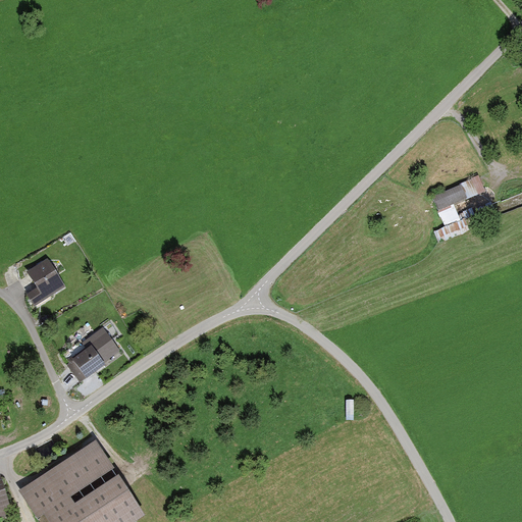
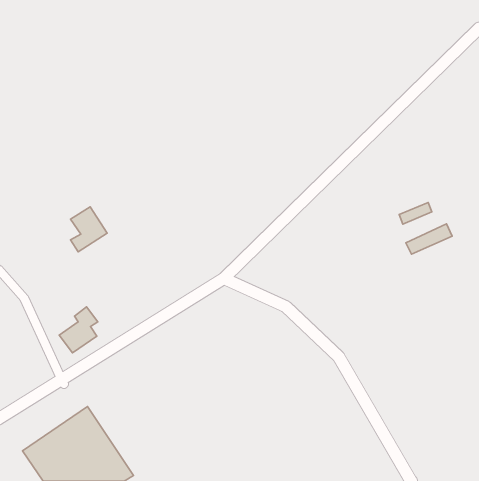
building: [431,178,481,211] -> [406,224,452,254]
building: [25,258,65,307] -> [70,207,107,252]

